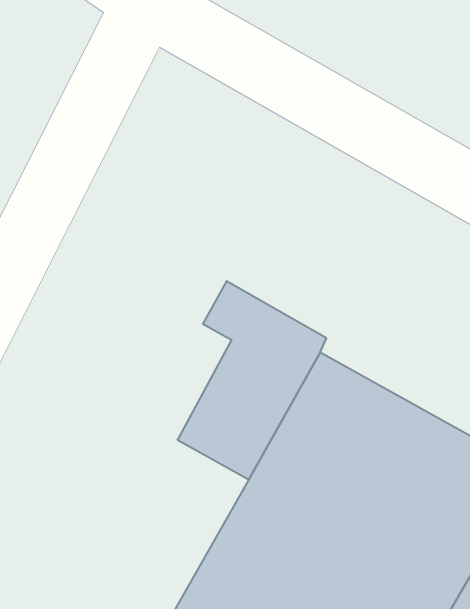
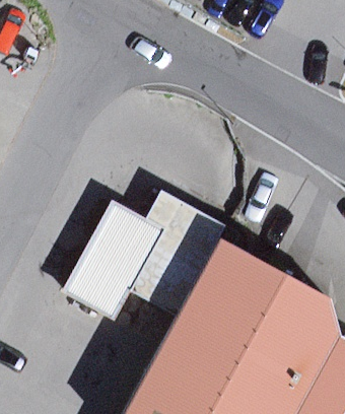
building: none -> [62,200,164,320]

